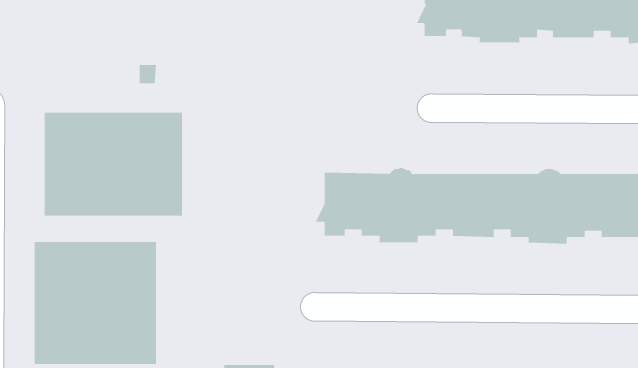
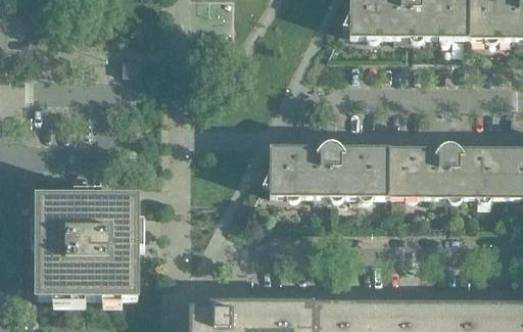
building: [44,112,183,216] -> none

